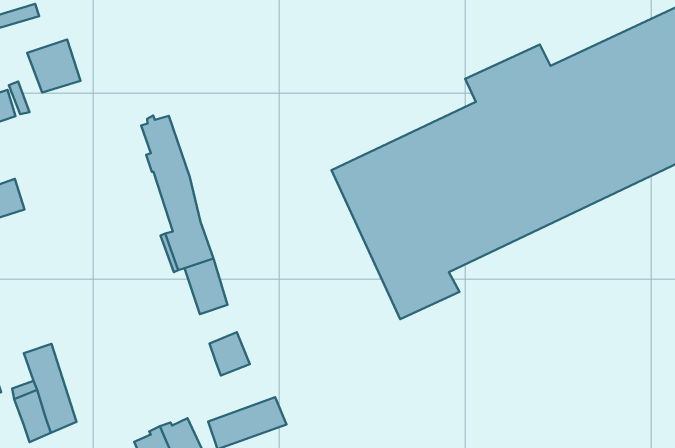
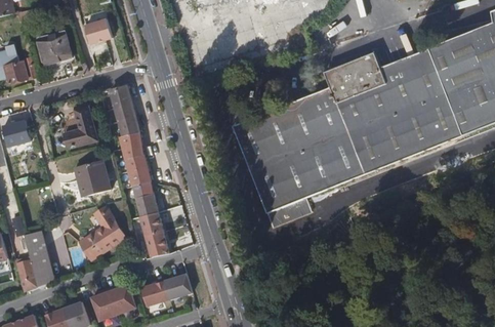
building: none -> [85,18,113,45]
building: none -> [64,105,96,148]
building: none -> [75,160,110,196]
building: none -> [79,206,125,260]
building: none -> [138,211,163,236]

